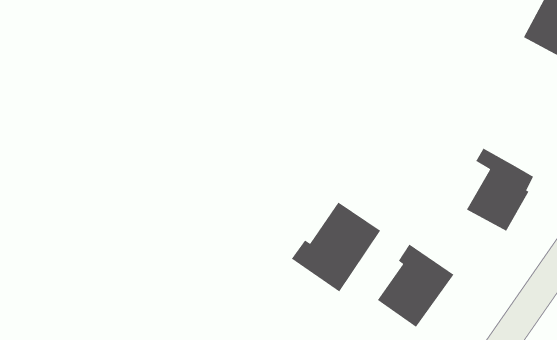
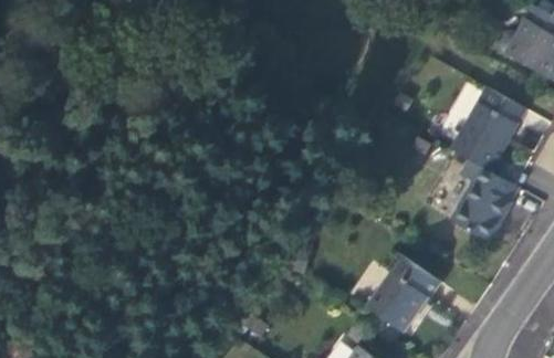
building: none -> [450,88,523,178]
building: [291,201,381,293] -> none

